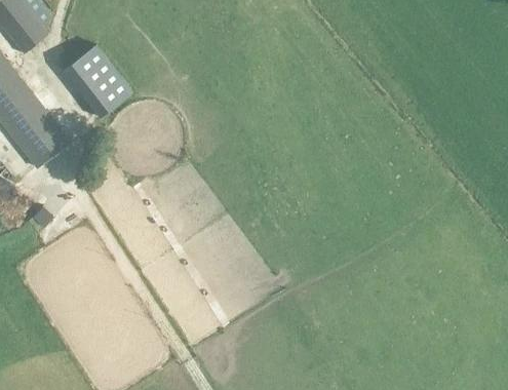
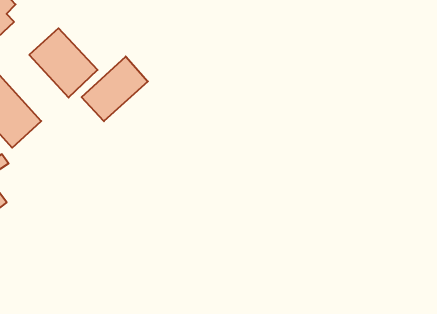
building: none -> [82,56,148,121]

